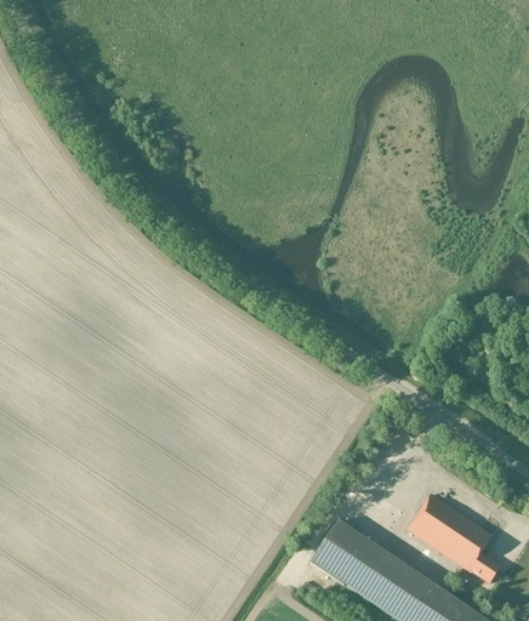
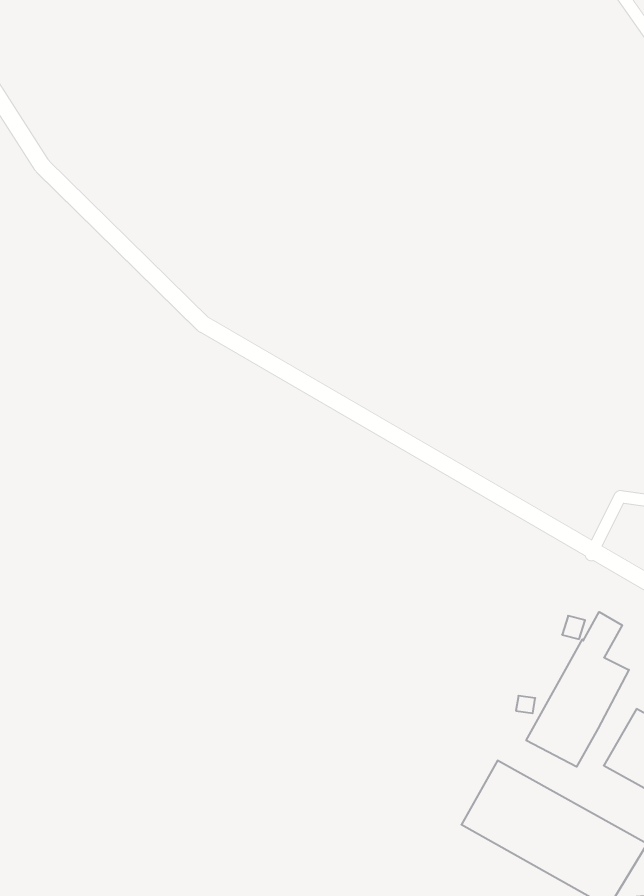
building: none -> [526,612,629,767]

